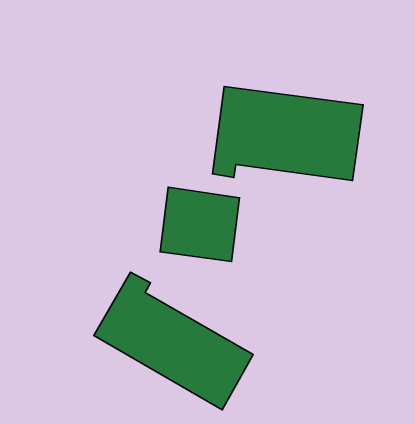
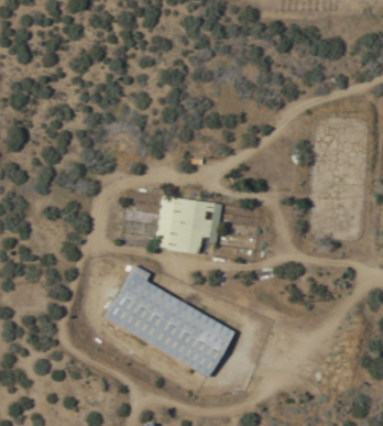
building: [213,86,363,180] -> none

